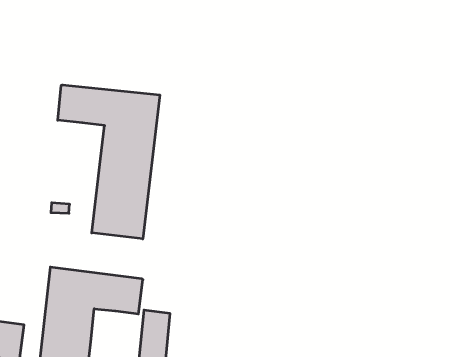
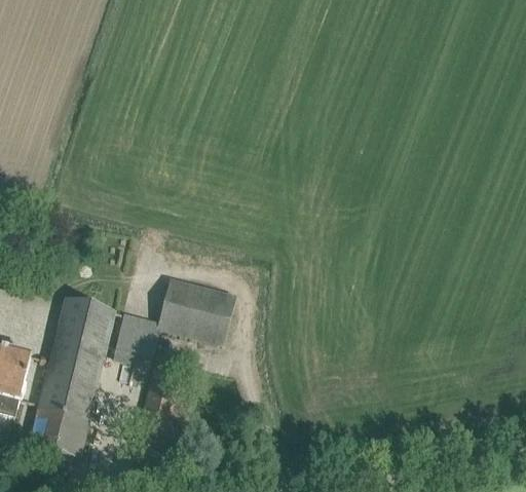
building: [58,85,160,239] -> none
building: none -> [158,279,234,341]

